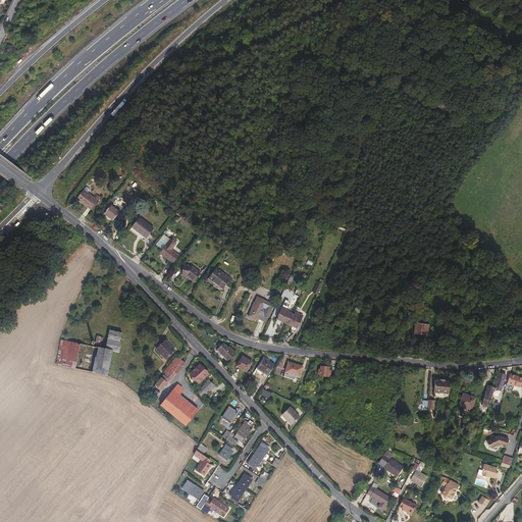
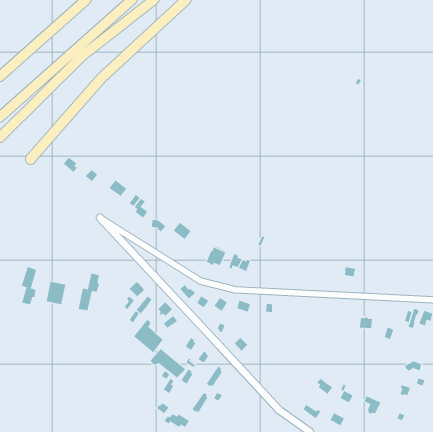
building: none -> [21,266,37,305]
building: none -> [150,348,186,379]

